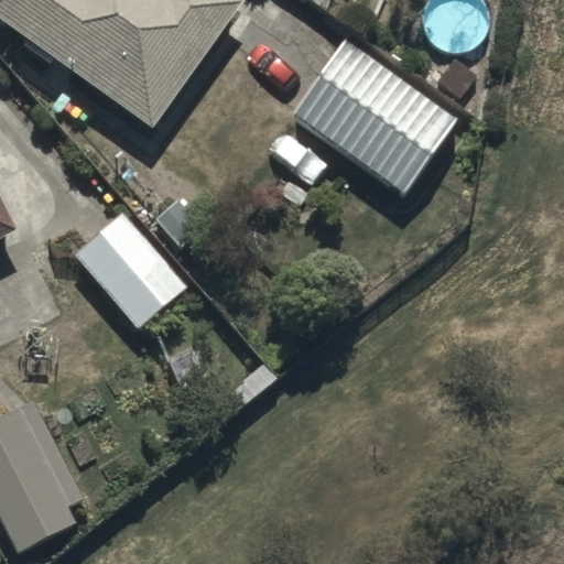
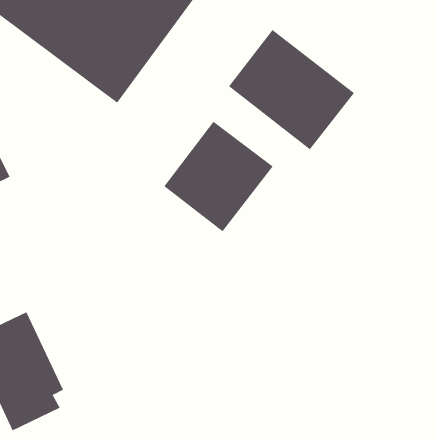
building: none -> [163,121,273,232]
building: [67,207,188,329] -> none

